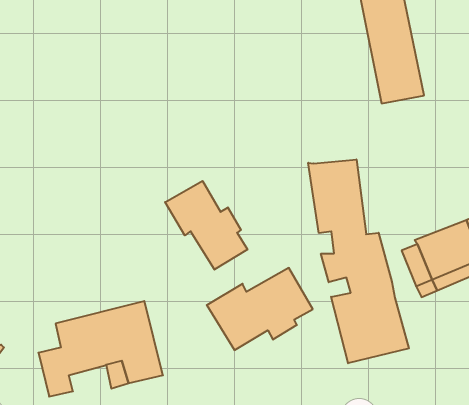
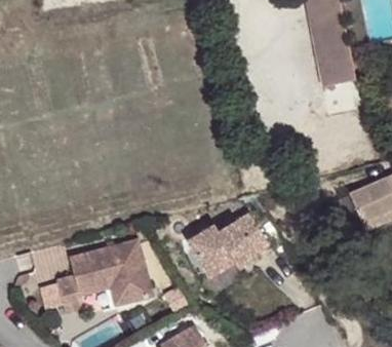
building: [308,159,409,363] -> none
building: [165,181,247,270] -> none

